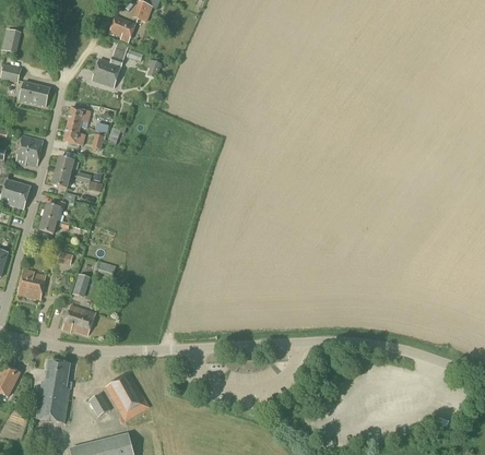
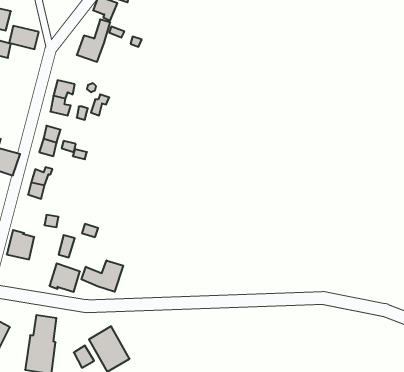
building: [19,81,50,106] -> [9,26,39,49]
building: [15,134,43,164] -> none
building: none -> [81,260,123,292]

